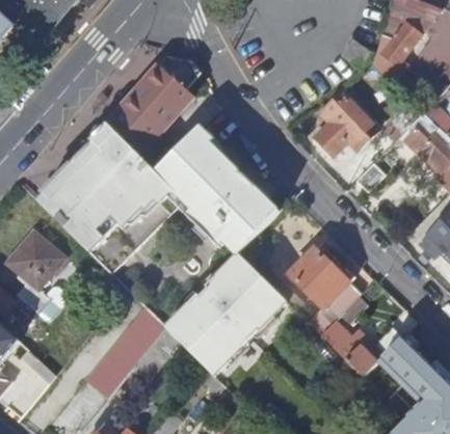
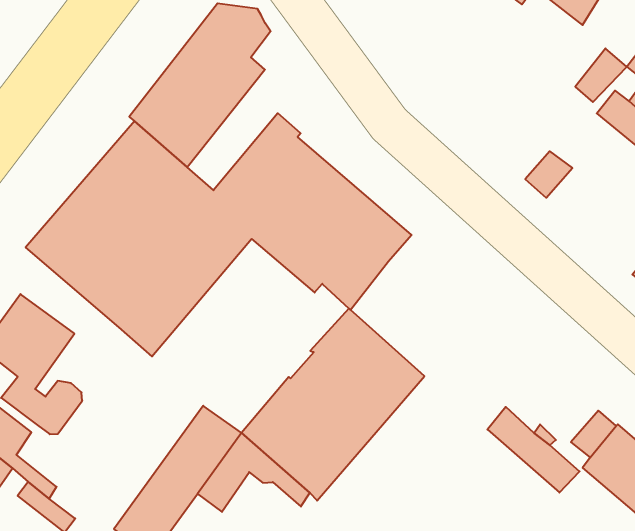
building: [314,90,379,155] -> none
building: [289,248,360,334] -> none

